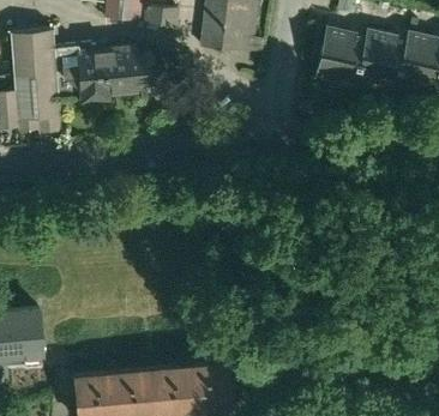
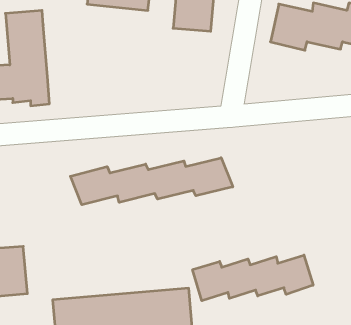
building: [55,47,158,113] -> none
building: none -> [70,158,233,205]
building: none -> [193,255,313,301]

